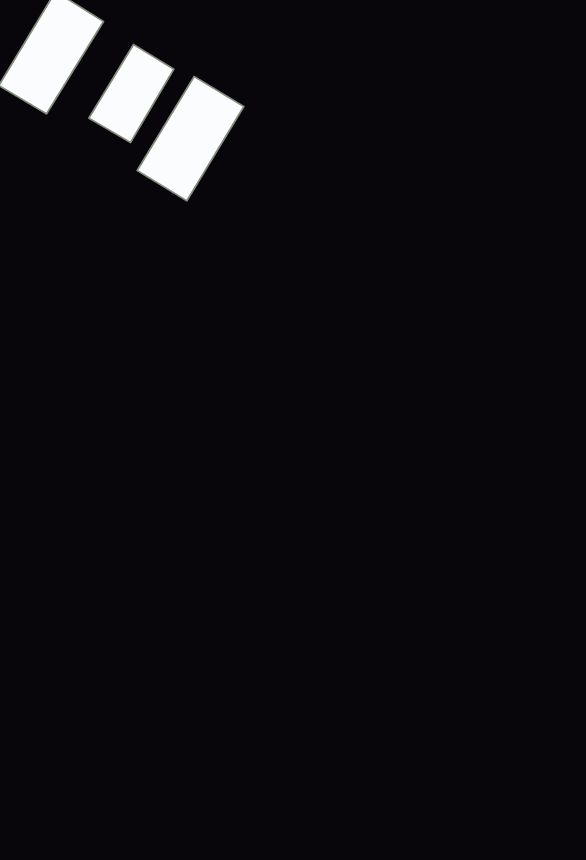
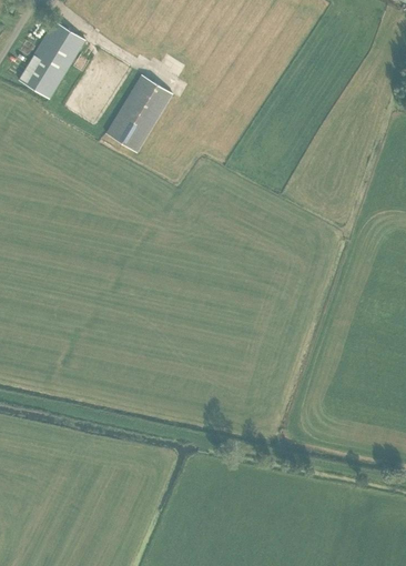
building: [89,44,174,142] -> none

